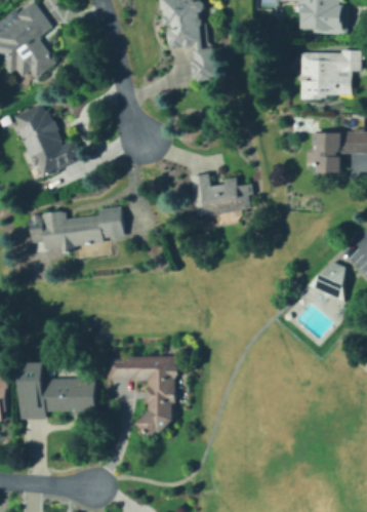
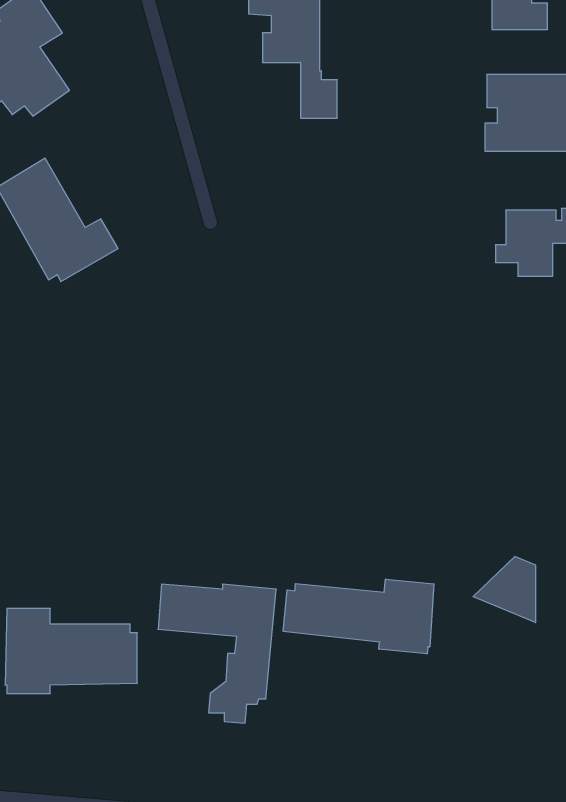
building: [191,174,252,218] -> none
building: [31,208,124,249] -> none
building: [305,262,342,301] -> [473,557,536,623]
building: none -> [283,579,434,654]

